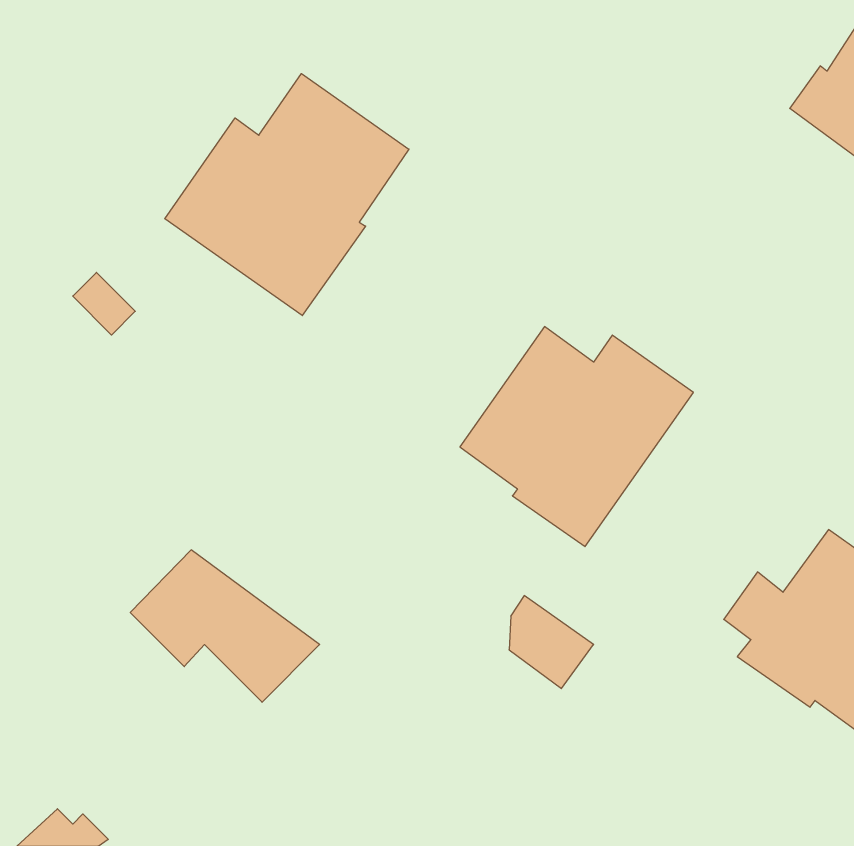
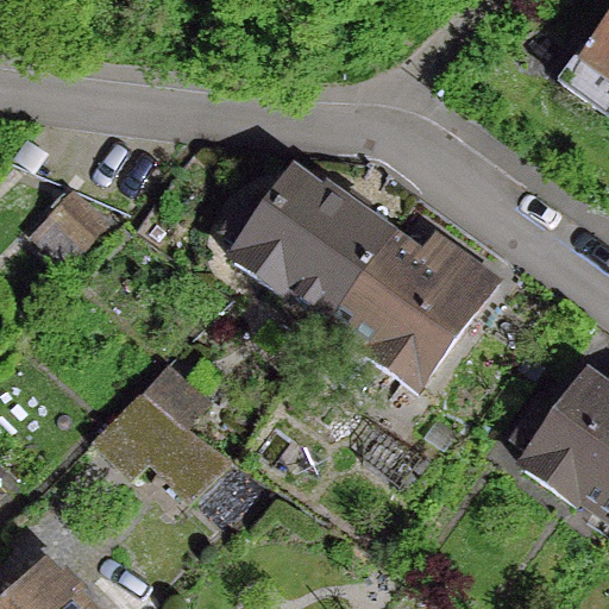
building: [165,74,409,316] -> none
building: none -> [228,172,390,314]

